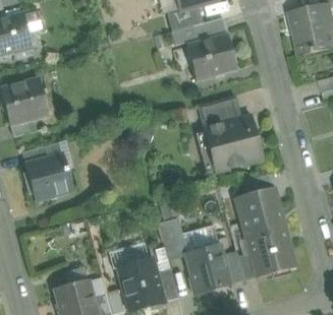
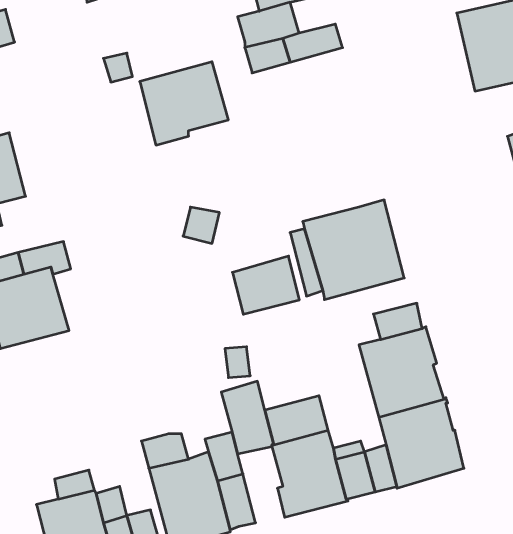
building: [187,35,237,81] -> [140,62,228,145]
building: [199,96,236,128] -> [232,256,299,314]

